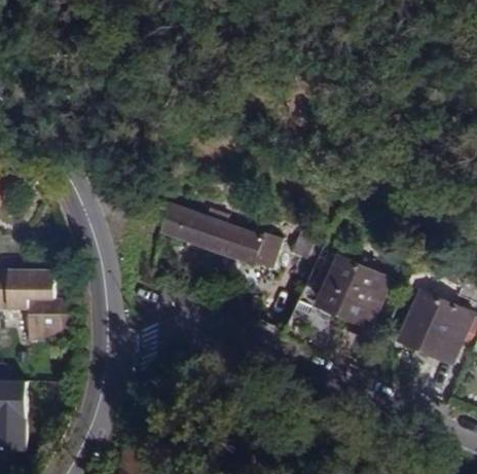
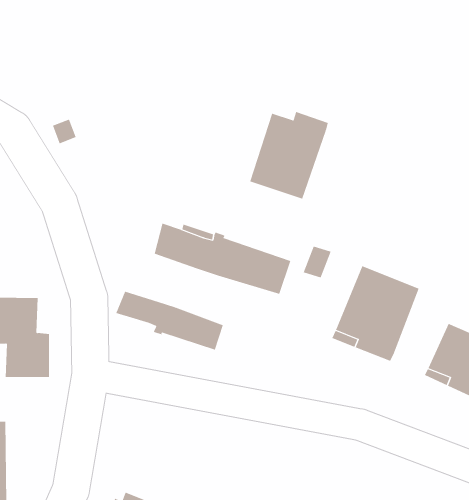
building: none -> [250,111,328,200]
building: none -> [115,291,224,350]

